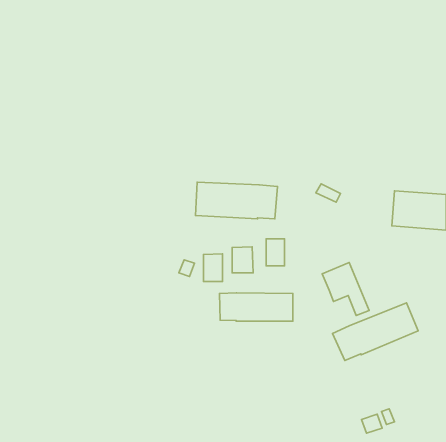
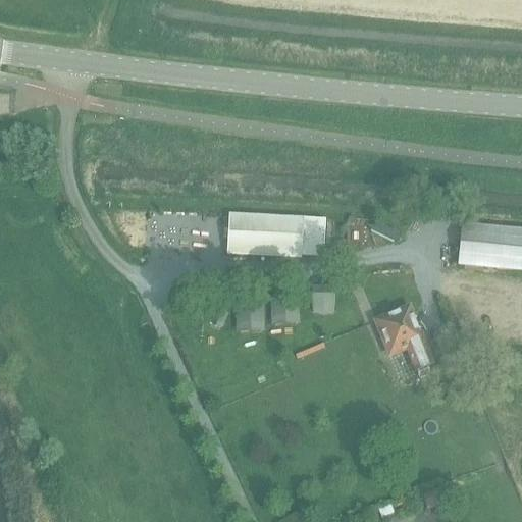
building: [220,293,293,321] -> none
building: [333,303,418,361] -> none

